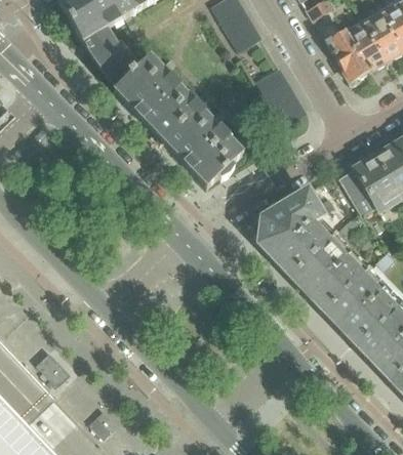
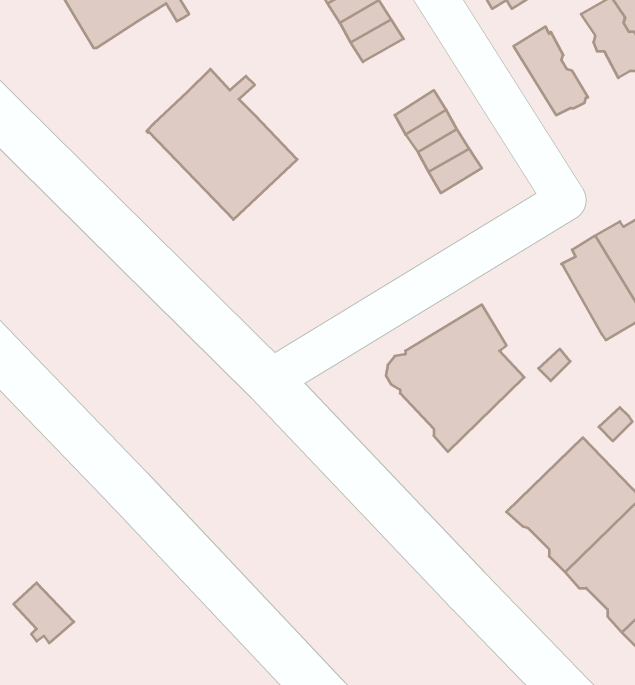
building: [347,22,386,70] -> none
building: [84,26,136,85] -> none
building: [163,106,243,187] -> none
building: [339,167,376,215] -> none
building: [287,232,365,309] -> none

